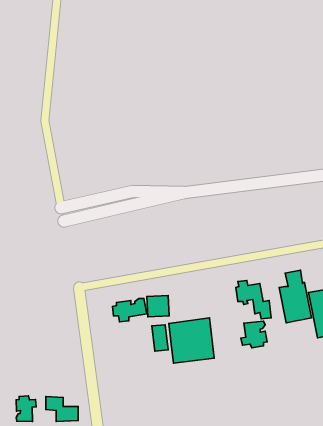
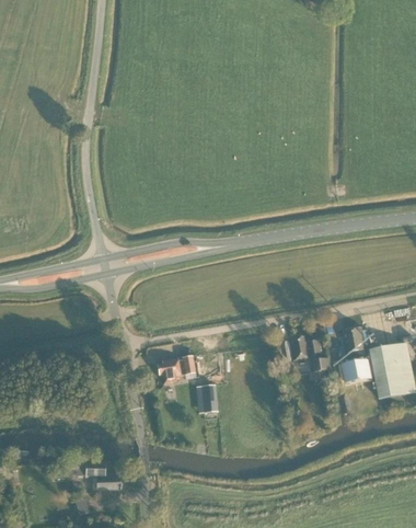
building: [169,318,214,363] -> none
building: [241,321,267,348] -> none
building: [16,396,36,421] -> none

